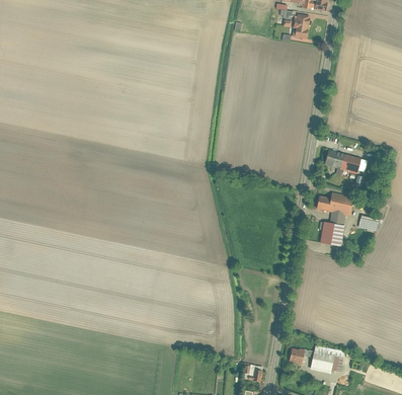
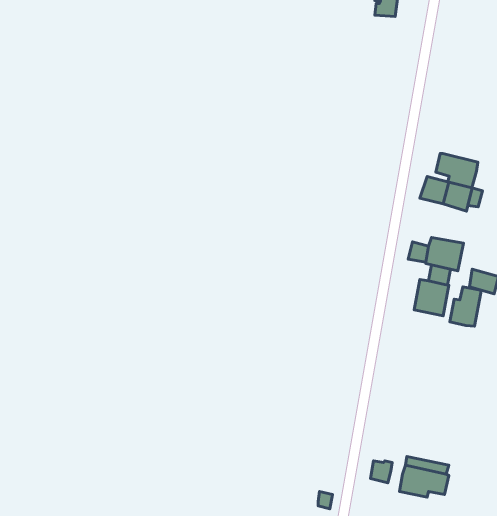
building: none -> [436,153,478,188]
building: none -> [450,287,481,326]

